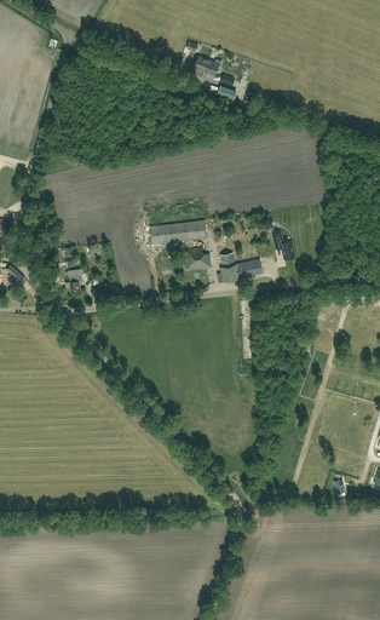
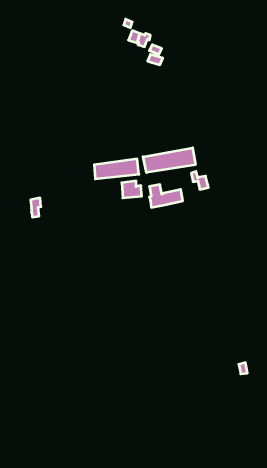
building: none -> [143,148,195,173]

